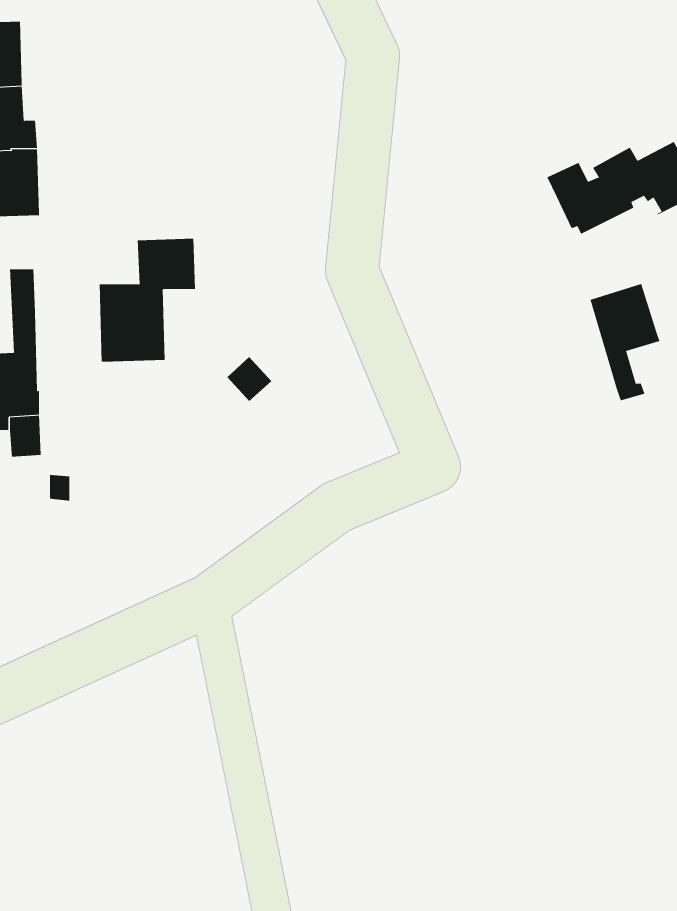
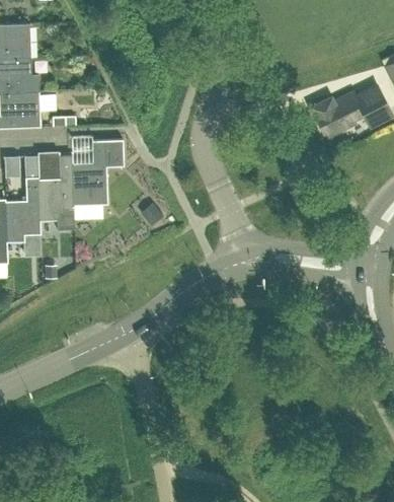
building: none -> [37,155,74,229]
building: [590,283,660,401] -> none

